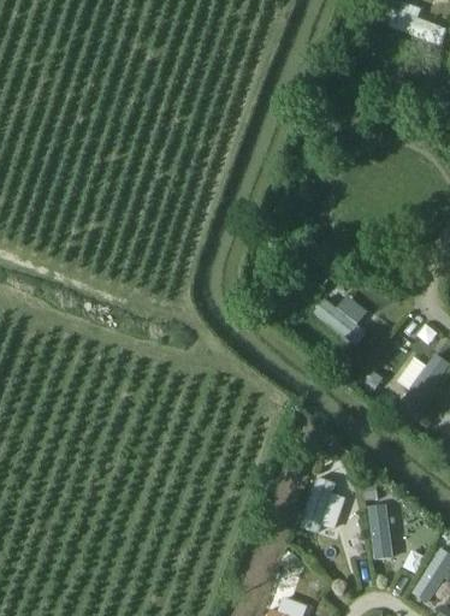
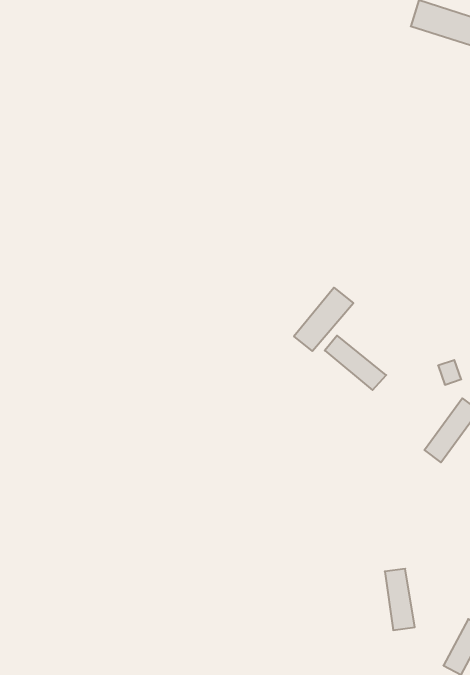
building: none -> [294,288,353,351]
building: [300,476,336,533] -> none

